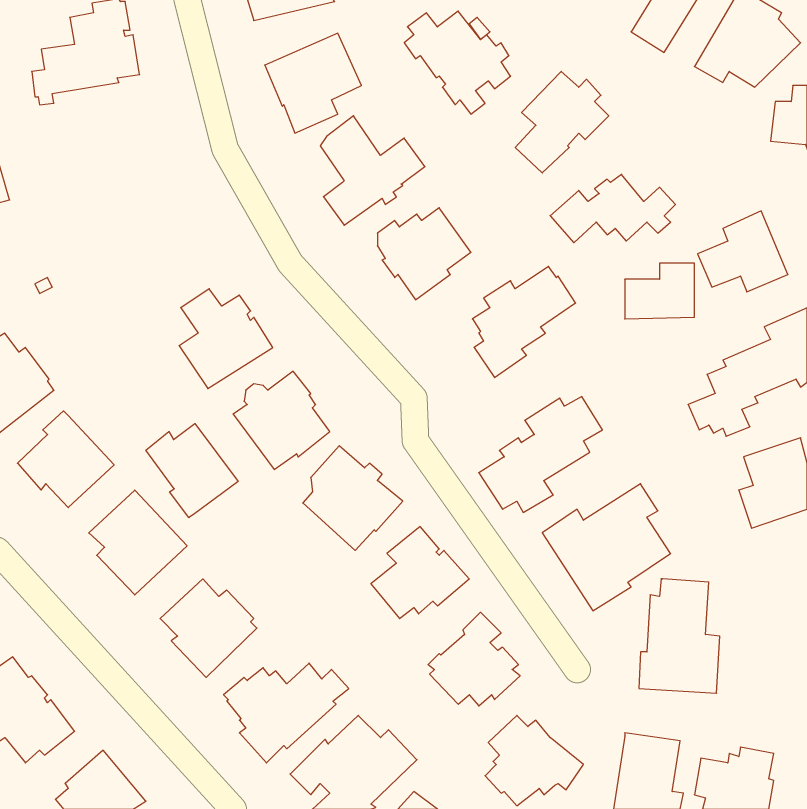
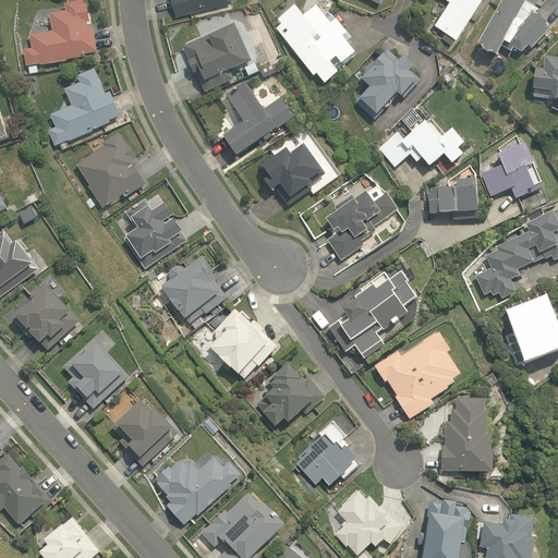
building: none -> [47,68,119,145]
building: none -> [74,131,145,207]
building: [146,424,238,518] -> none

